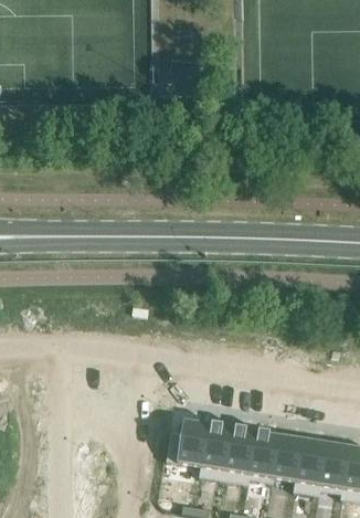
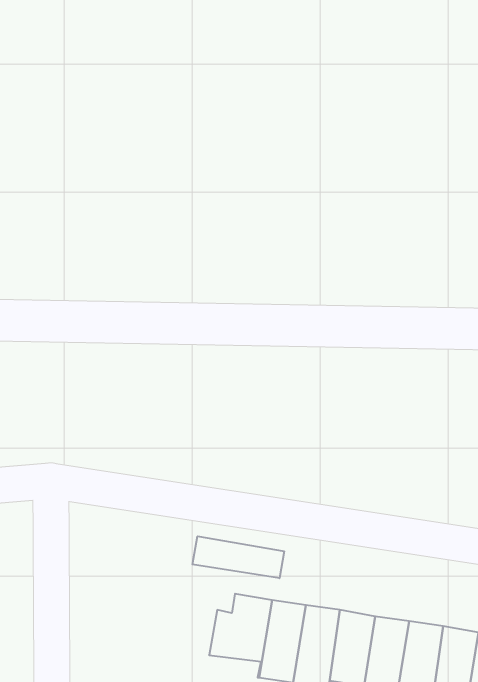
building: none -> [192,536,284,578]

